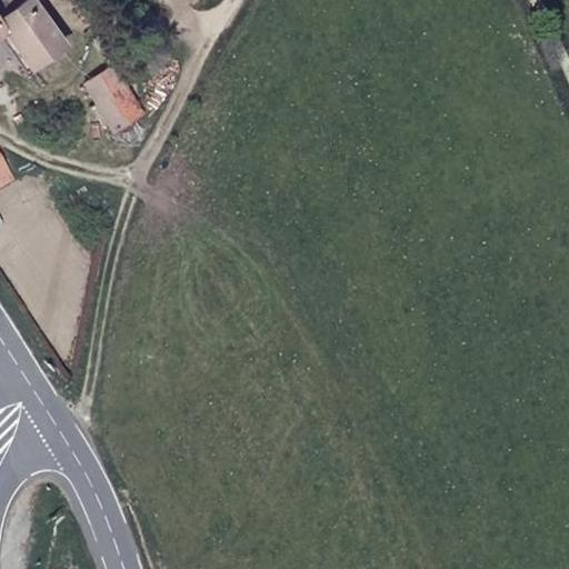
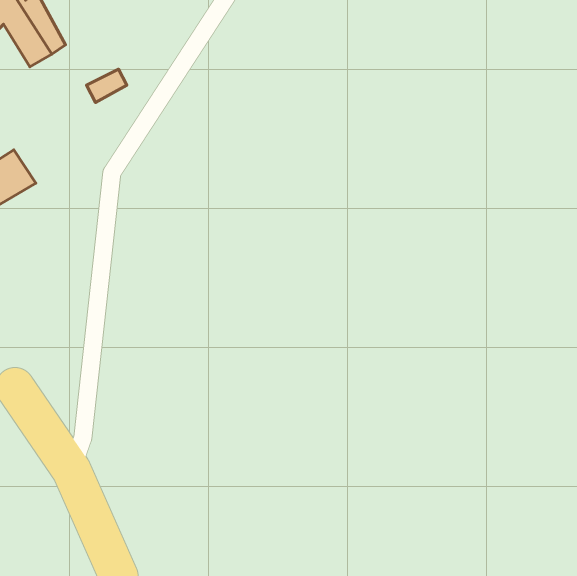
building: [92,82,140,132] -> none

